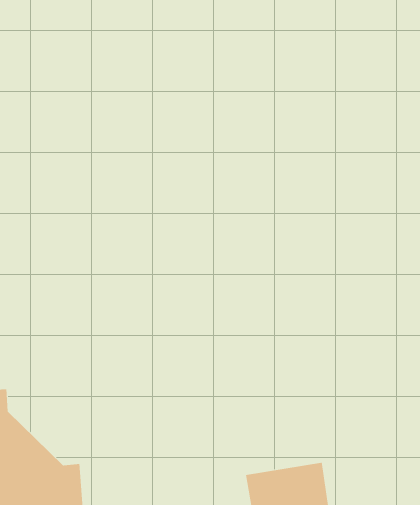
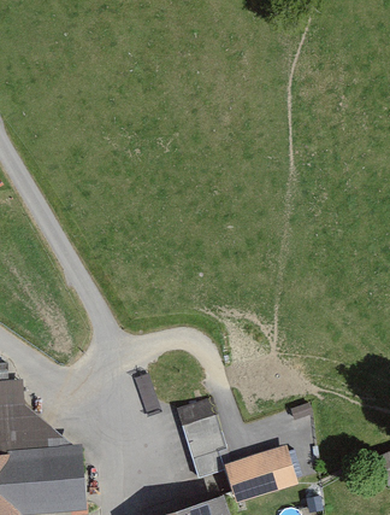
building: none -> [177,397,224,458]

